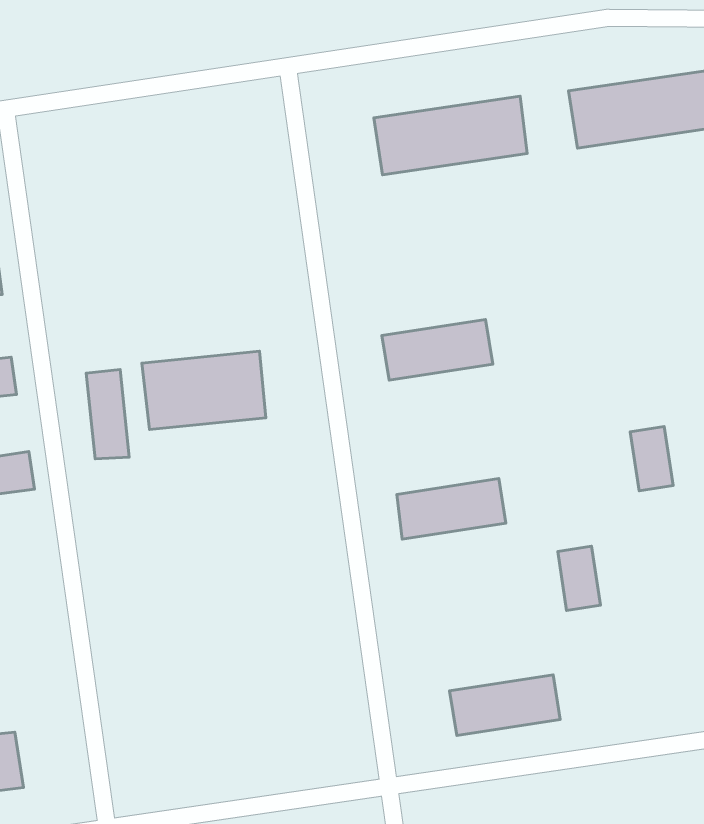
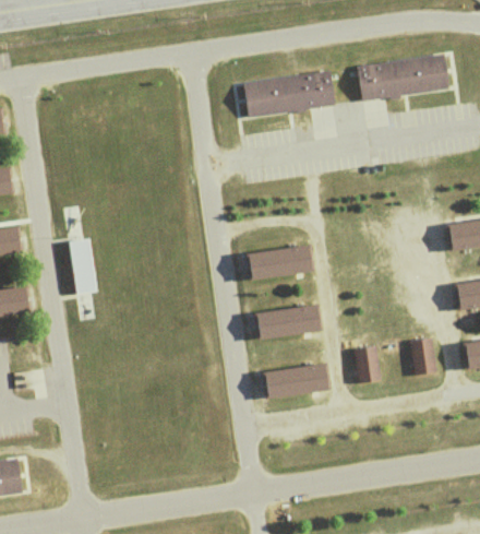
building: [382,320,493,380] -> [247,245,314,282]
building: [142,351,266,429] -> none
building: [630,427,673,491] -> [408,336,434,376]
building: [450,675,560,736] -> [262,361,329,399]

